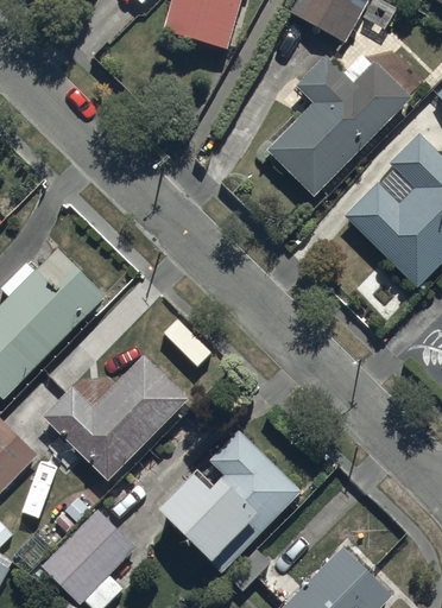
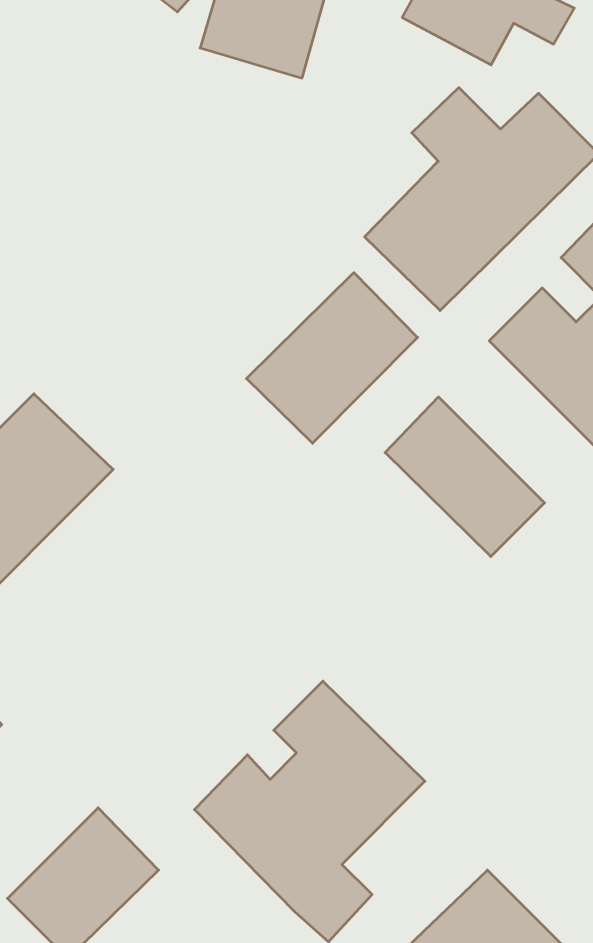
building: none -> [246,273,418,443]
building: none -> [385,397,545,557]
building: [42,354,189,481] -> none

